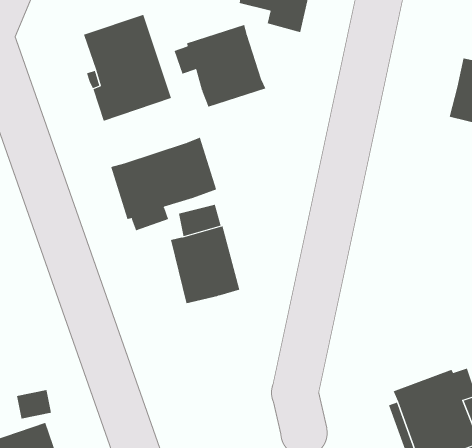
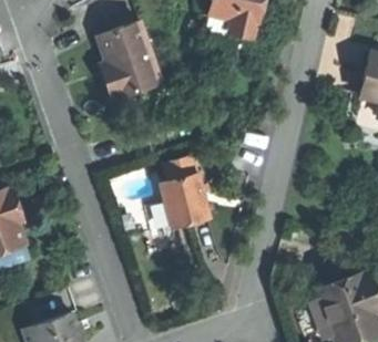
building: [174,24,266,107] -> none
building: [111,137,217,231] -> none

